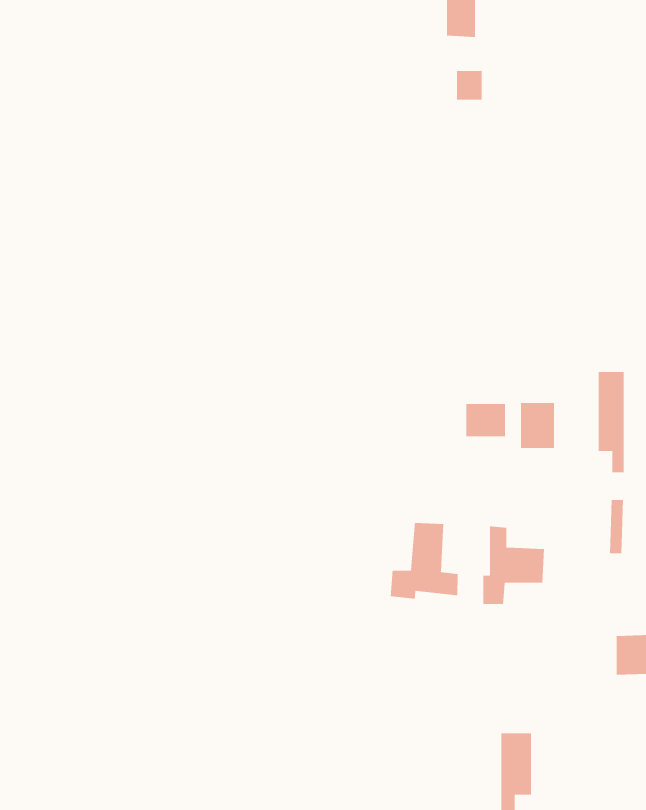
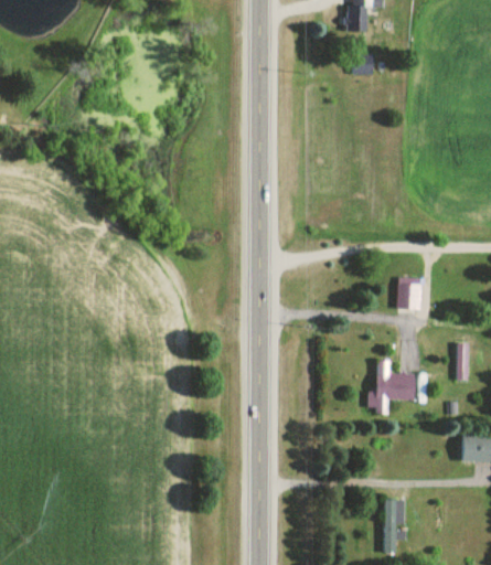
building: [598,371,624,473] -> none
building: [466,403,506,437] -> none
building: [390,522,458,600] -> none

